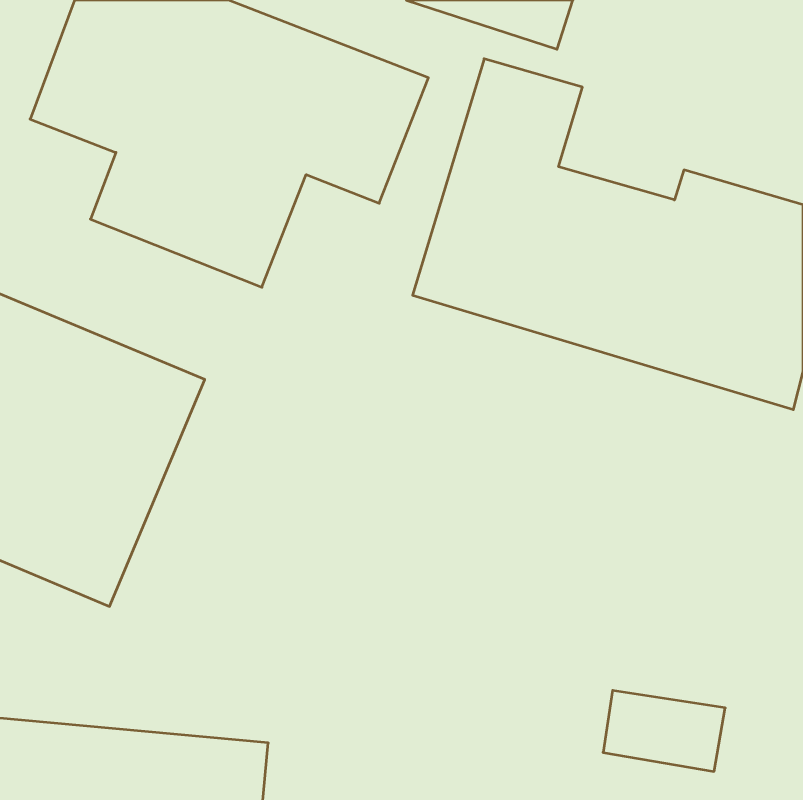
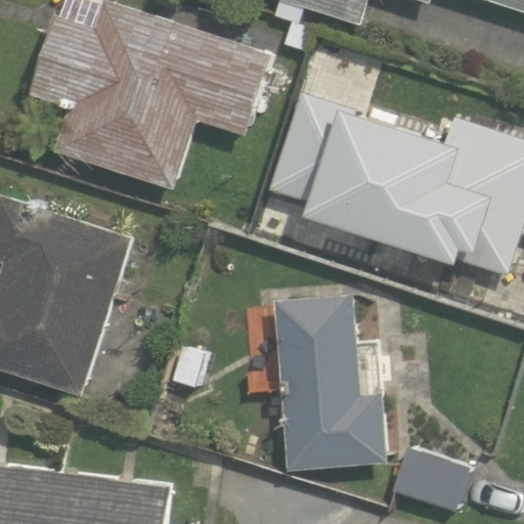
building: none -> [275,293,381,480]

